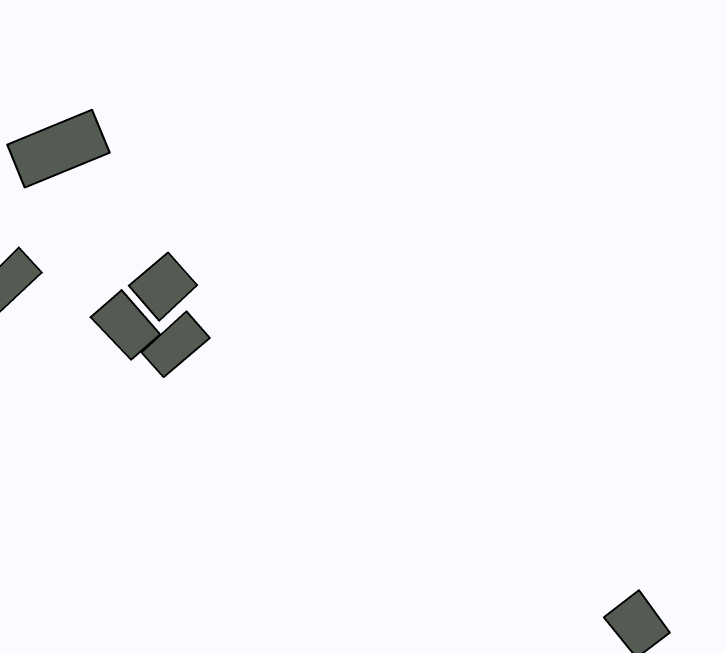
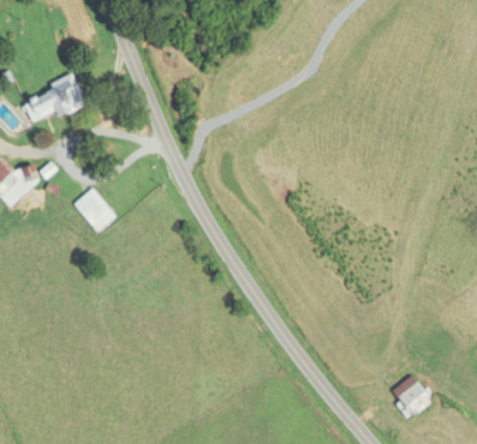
building: [129,253,197,321] -> none
building: [141,311,210,377] -> none

